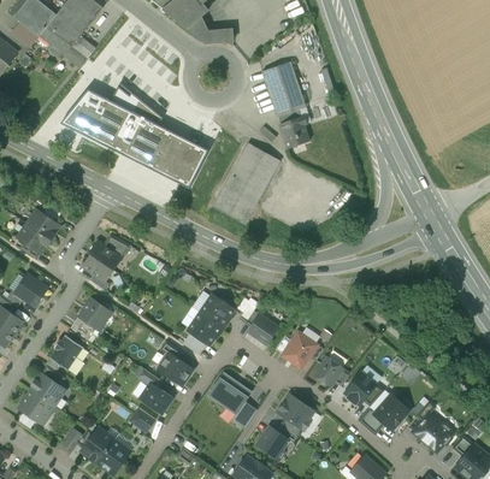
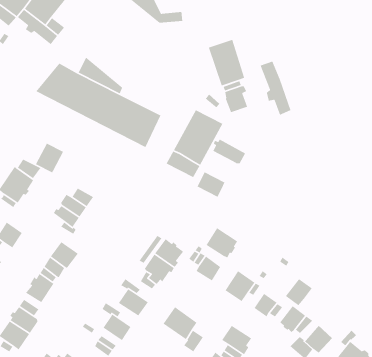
building: none -> [260,60,292,116]
building: none -> [212,138,246,164]
building: none -> [35,142,64,173]
building: none -> [196,171,225,198]
building: none -> [205,227,238,258]
building: none -> [285,278,313,306]

